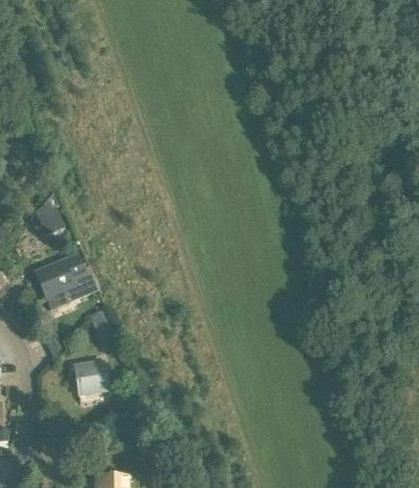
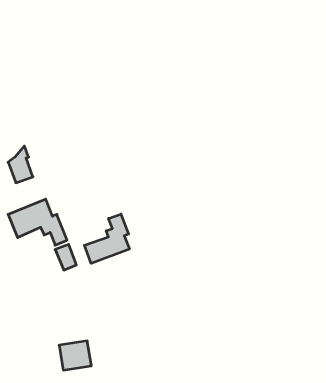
building: none -> [84,214,129,263]
building: [72,360,110,394] -> [59,341,91,370]

